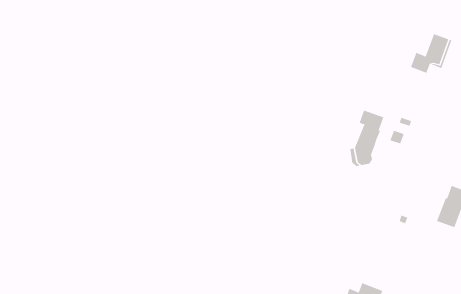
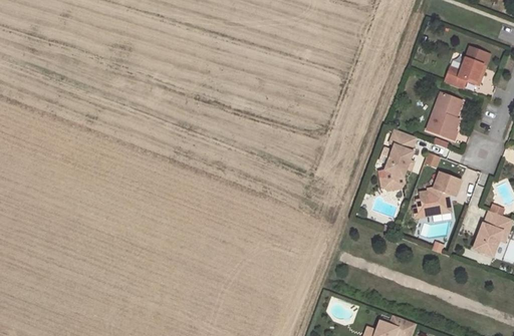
building: none -> [427,92,462,139]
building: none -> [428,172,462,214]

